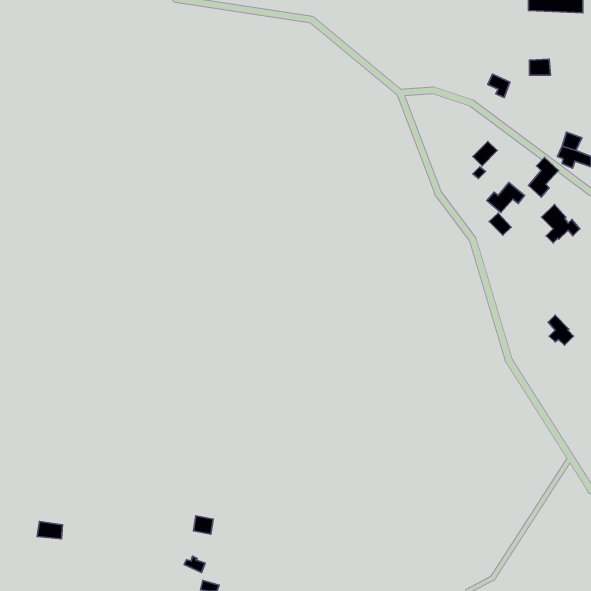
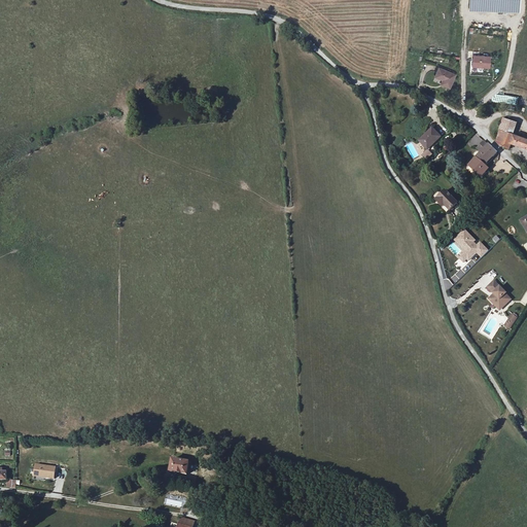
building: [487,182,524,212] -> none
building: [542,205,580,243] -> [452,227,486,261]

